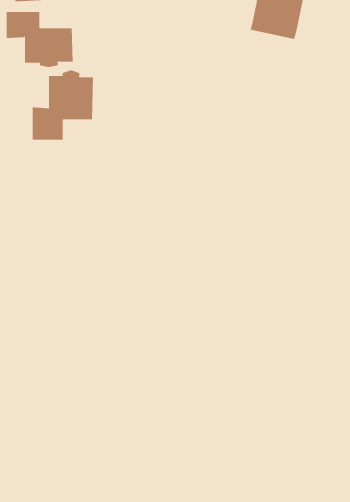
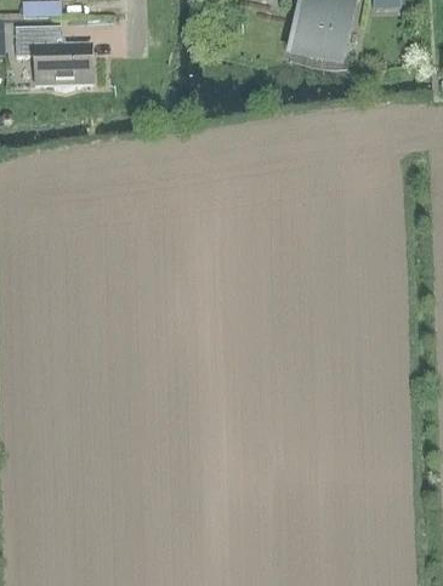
building: [32,70,93,141] -> none

